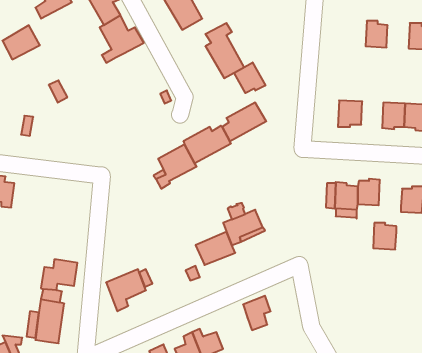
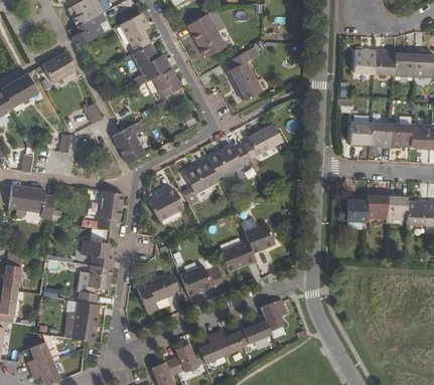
building: none -> [352,48,375,71]
building: none -> [393,49,414,73]
building: none -> [152,68,181,98]
building: [234,62,265,93] -> none
building: none -> [370,122,390,146]
building: none -> [111,127,145,165]
building: none -> [149,189,183,221]
building: none -> [98,191,123,231]
building: [373,223,396,249] -> [386,193,407,217]
building: none -> [83,240,113,268]
building: none -> [180,265,210,296]
building: none -> [238,319,272,345]

